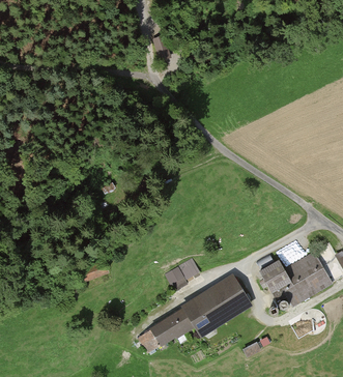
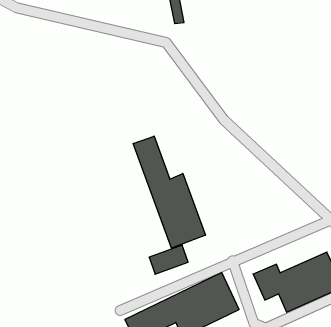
building: none -> [133,136,205,248]

